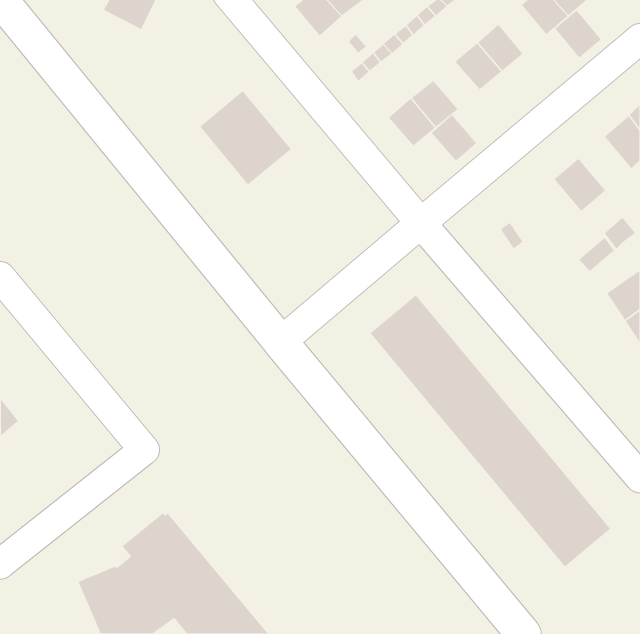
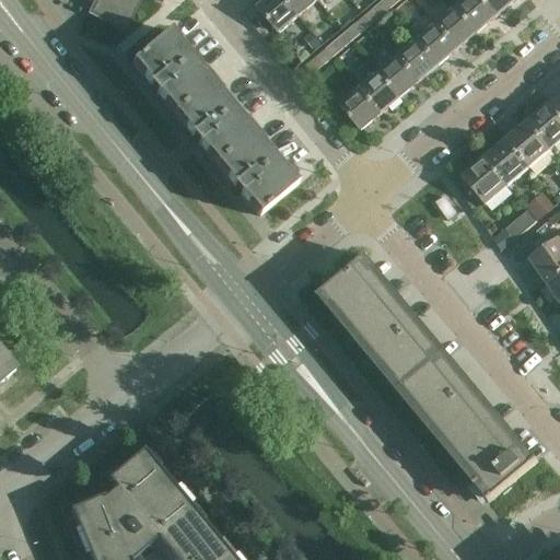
building: [554,10,602,58] -> [435,4,477,47]
building: none -> [131,27,212,110]
building: [431,114,477,162] -> [378,54,419,95]
building: none -> [505,119,551,166]
building: none -> [217,130,298,213]
building: none -> [462,156,508,203]

